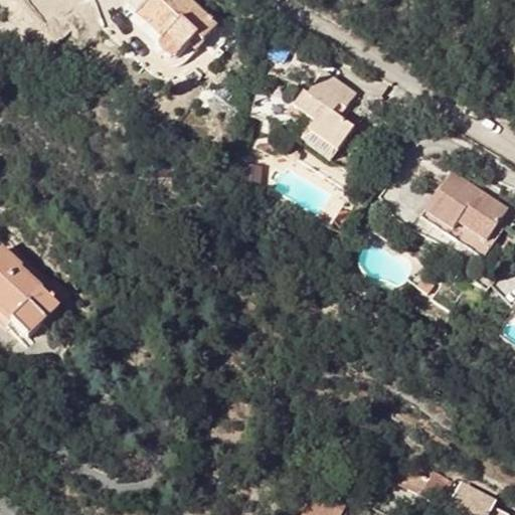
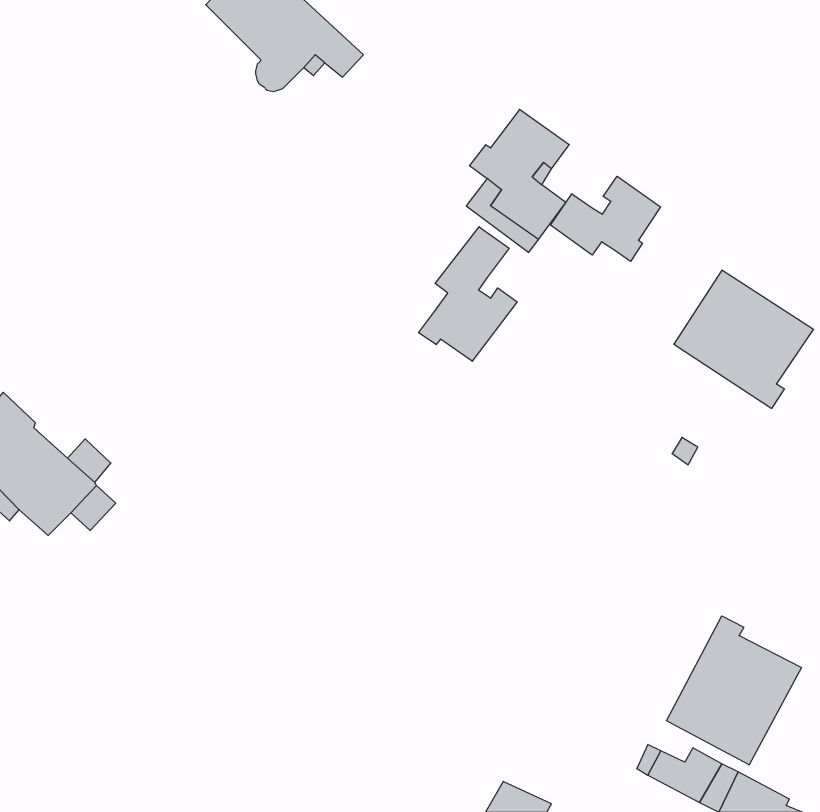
building: none -> [551,176,661,261]
building: none -> [419,227,517,361]
building: none -> [666,616,801,765]

